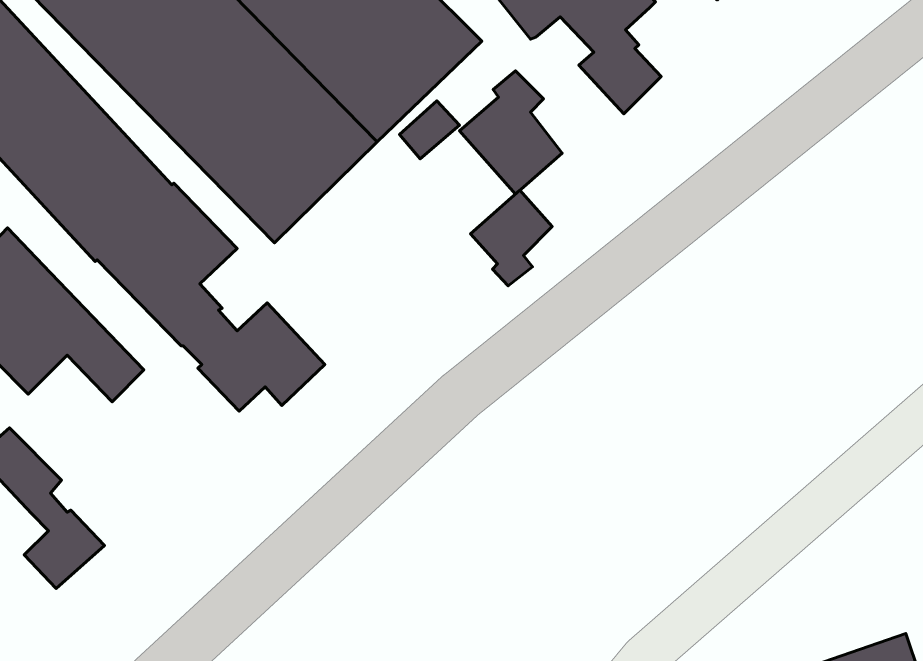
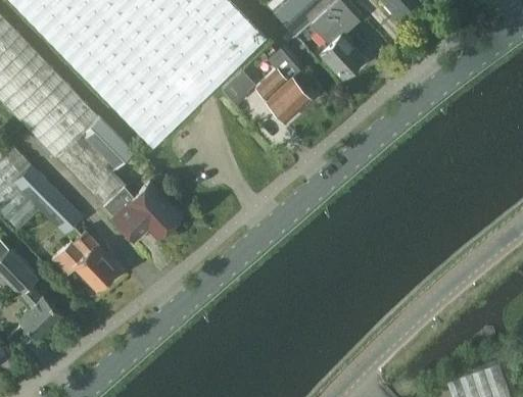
building: [470,190,552,286] -> none
building: none -> [52,231,116,290]

